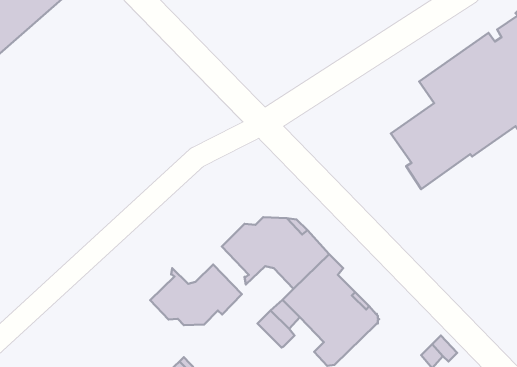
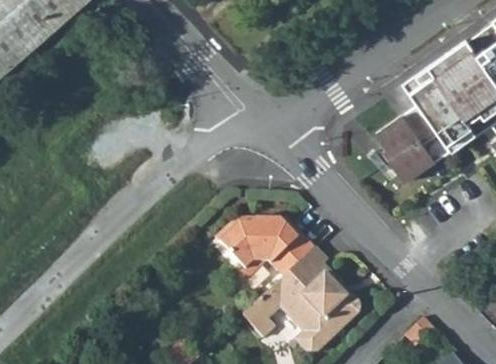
building: [150,265,242,325] -> none

